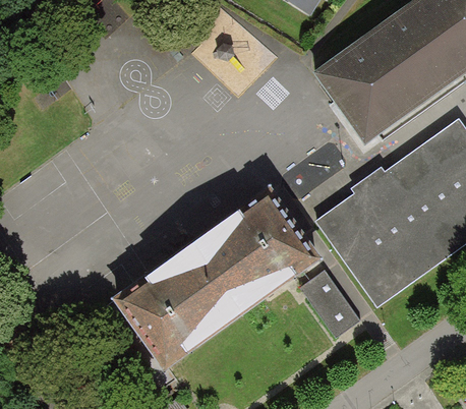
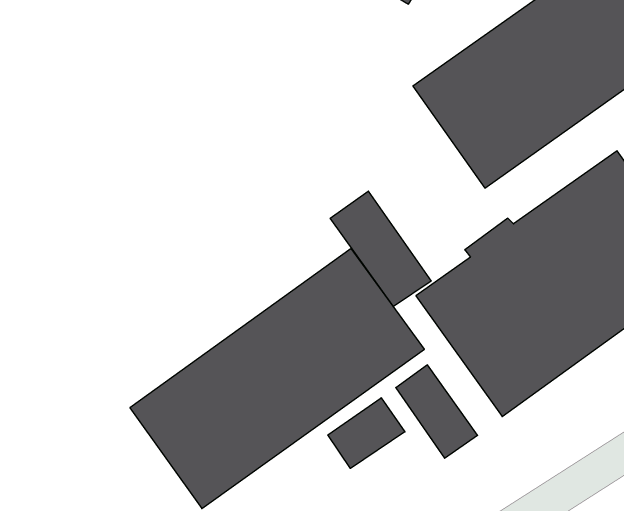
building: none -> [330,191,431,307]
building: none -> [328,398,405,468]

